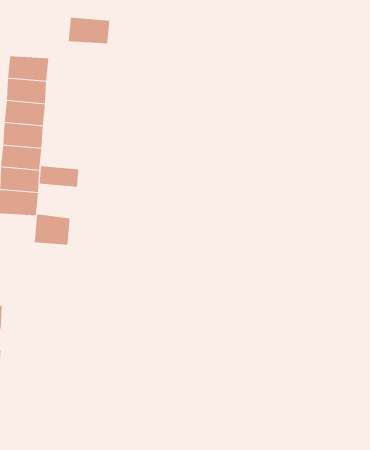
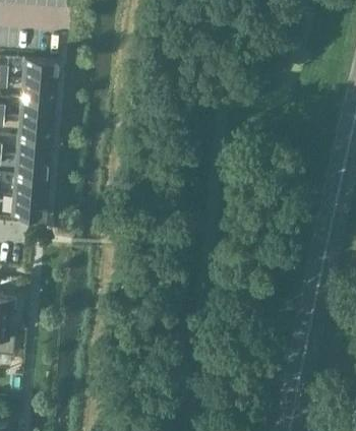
building: [68,17,110,44] -> [21,59,58,82]
building: [39,165,79,188] -> none
building: [34,213,70,246] -> none

